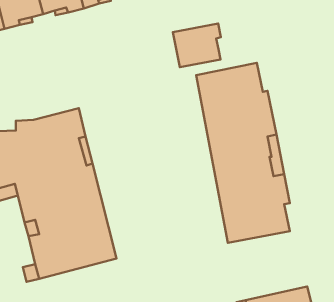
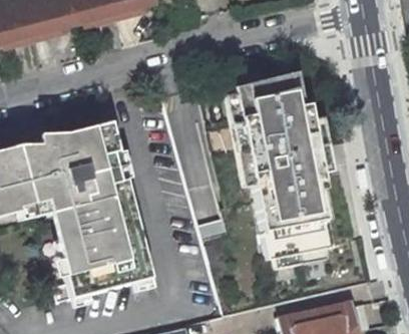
building: [173,24,221,67] -> none

